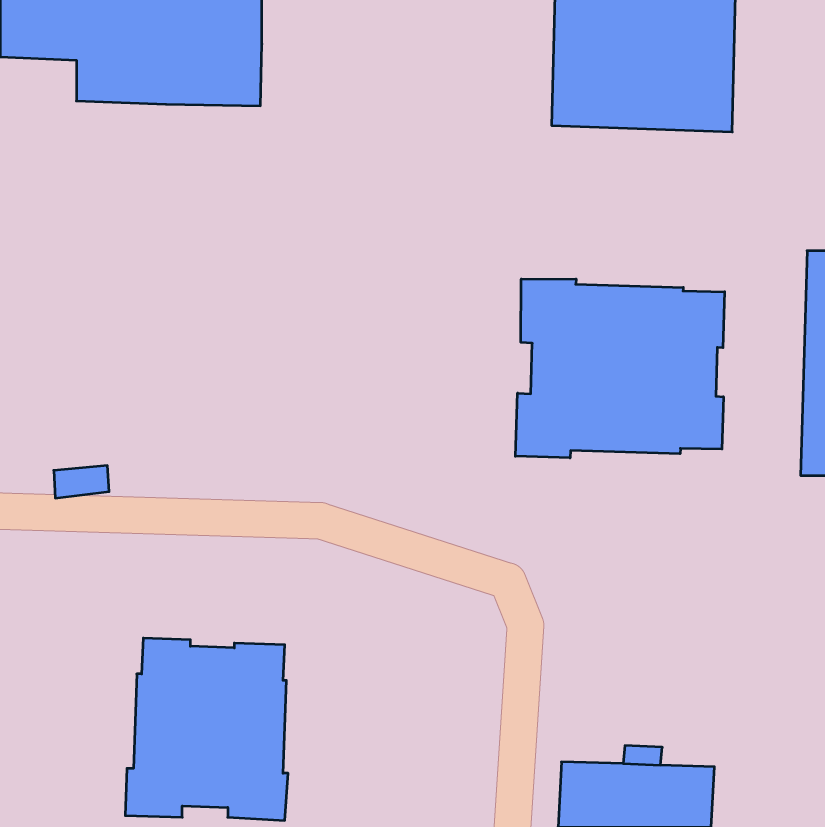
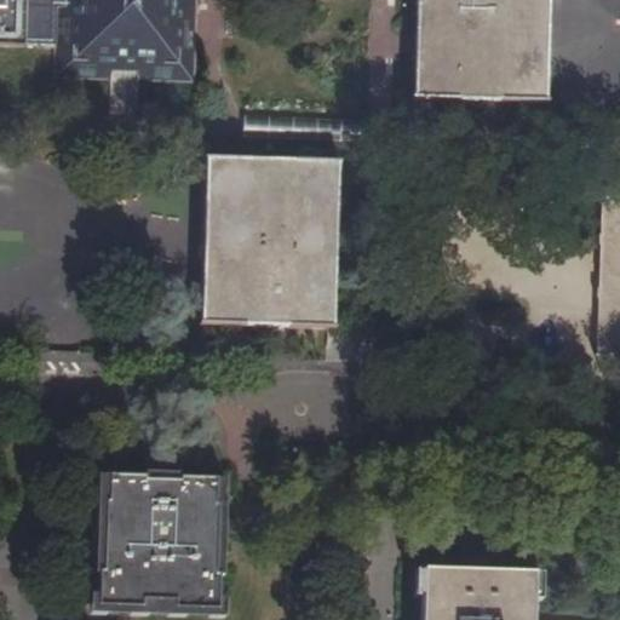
building: none -> [203,154,341,326]
building: [515,279,725,458] -> none

